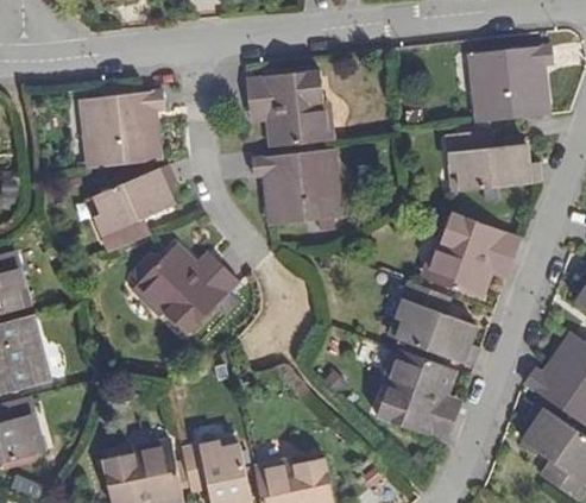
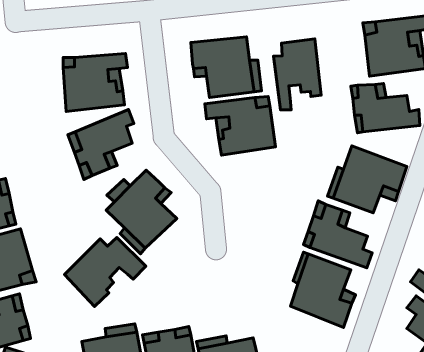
building: none -> [274,39,321,110]
building: none -> [64,238,146,306]

